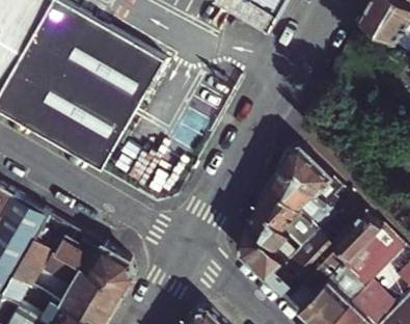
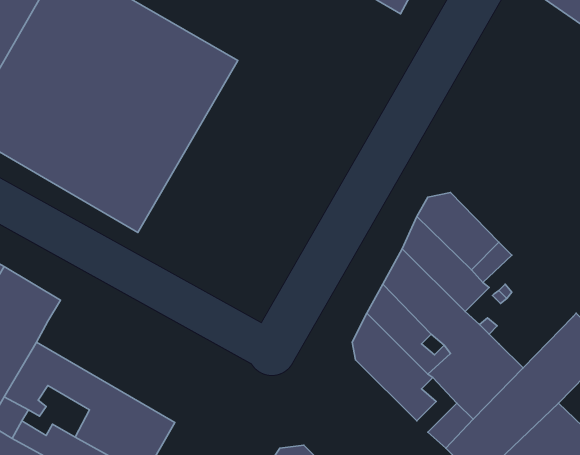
building: [333,210,381,259] -> none
building: [35,228,134,294] -> none

